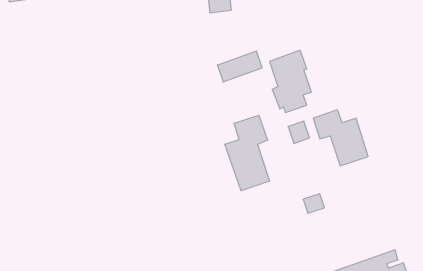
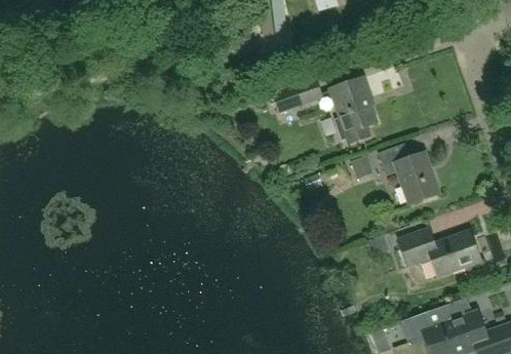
building: [225,115,269,191] -> none
building: none -> [397,228,480,276]

